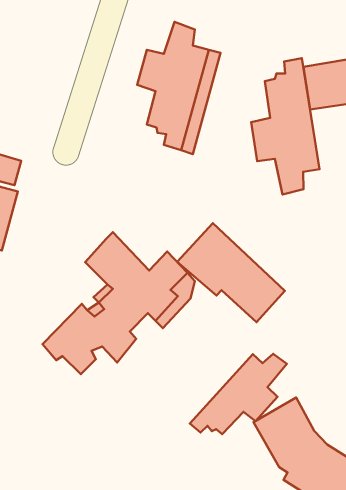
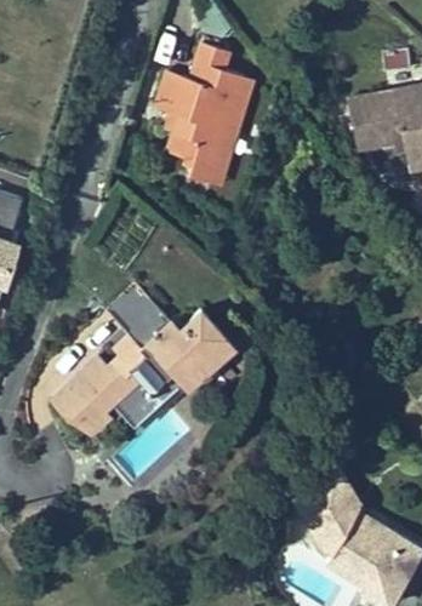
building: [251,58,320,194] -> none
building: [177,223,285,322] -> none
building: [190,354,287,434] -> none

